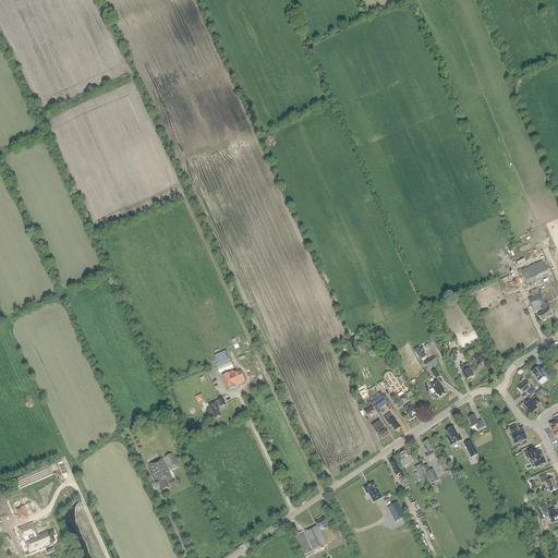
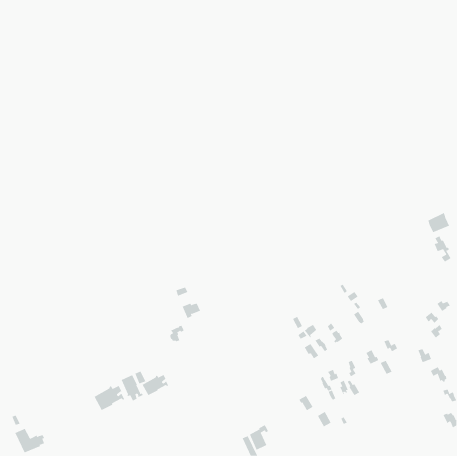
building: none -> [142,374,169,396]
building: none -> [94,385,125,411]

